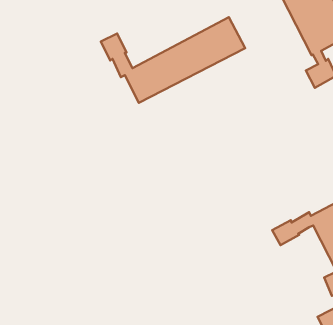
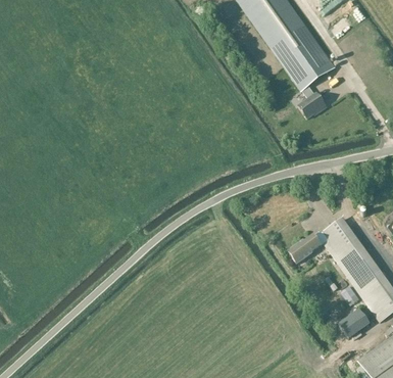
building: [101,17,245,103] -> none

